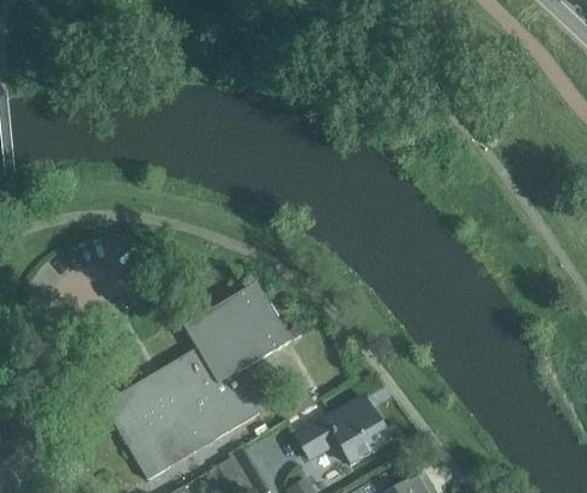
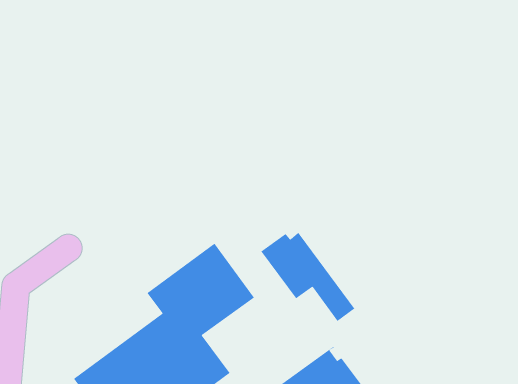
building: none -> [260,227,355,322]

